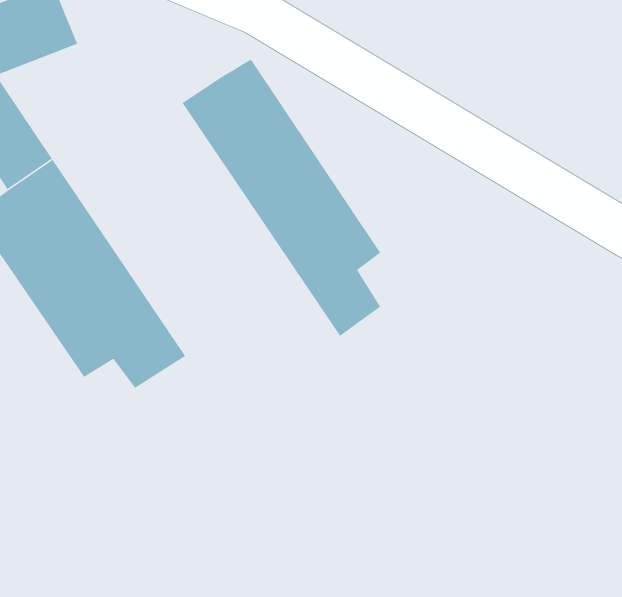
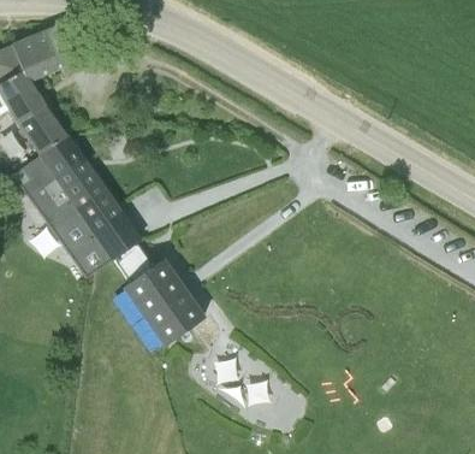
building: [182,59,381,337] -> none
building: none -> [123,258,207,348]

